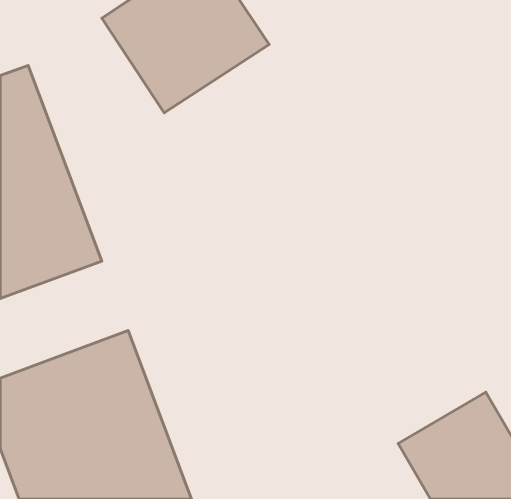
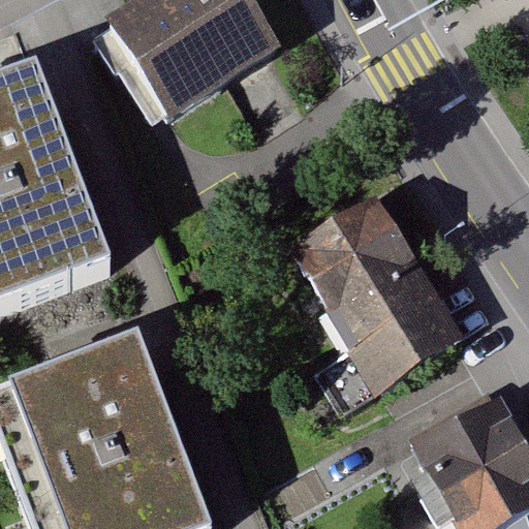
building: none -> [289,199,467,397]

